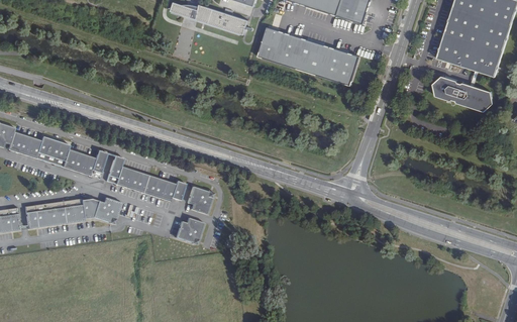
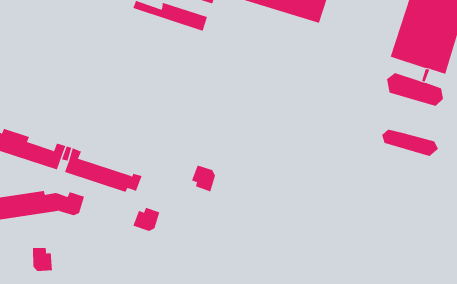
building: [257,26,359,85] -> none
building: none -> [381,129,439,157]
building: [182,185,207,213] -> [191,165,216,192]
building: none -> [33,247,53,272]

